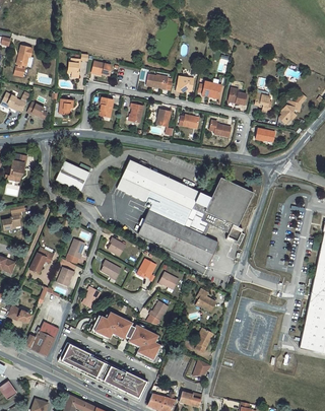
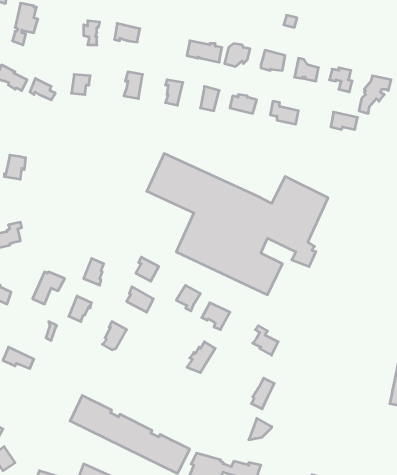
building: [55,161,89,192] -> none
building: [90,312,162,363] -> none
building: [24,322,59,355] -> none

